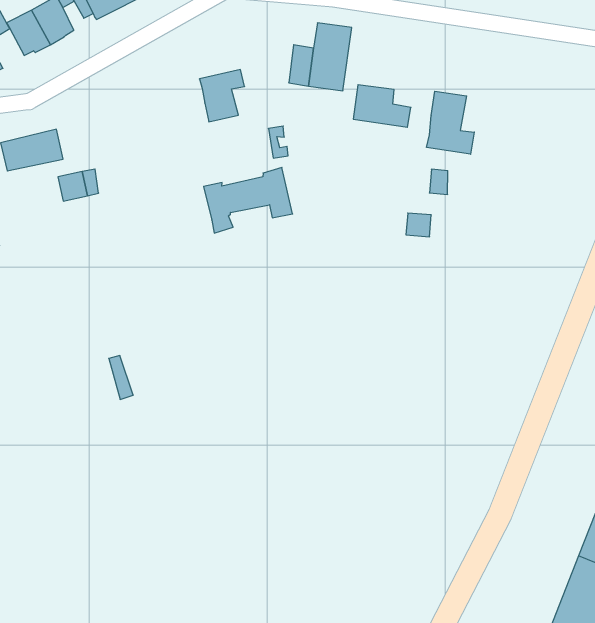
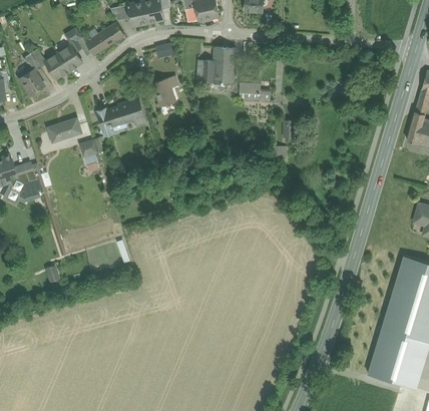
building: [427,91,474,154] -> none
building: [204,167,293,233] -> [96,97,146,136]

